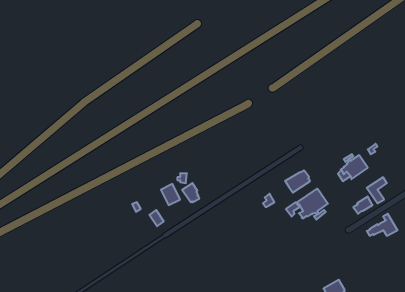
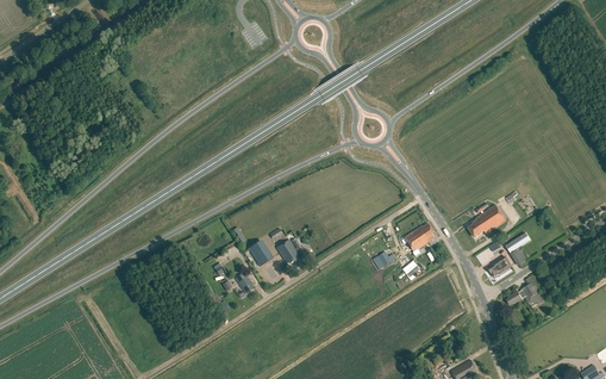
building: [297,189,328,220] -> none

